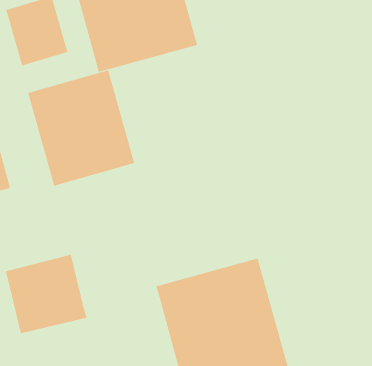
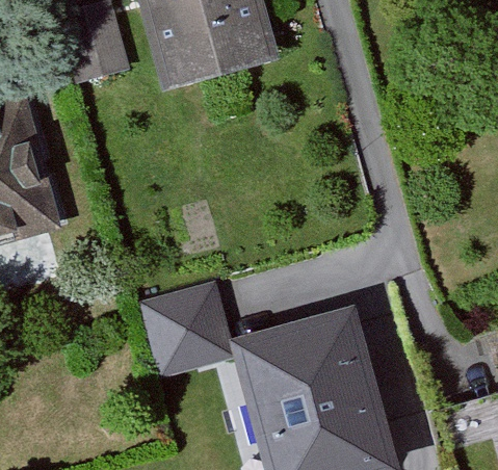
building: [27,70,135,186] -> none
building: [5,254,87,334] -> [138,281,235,374]

